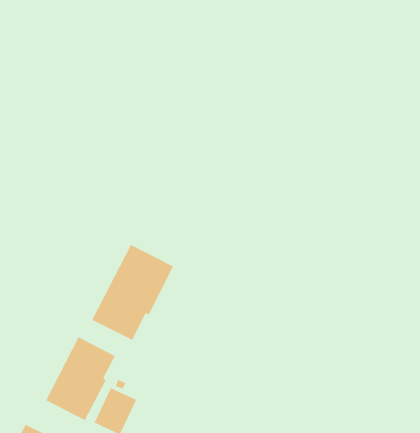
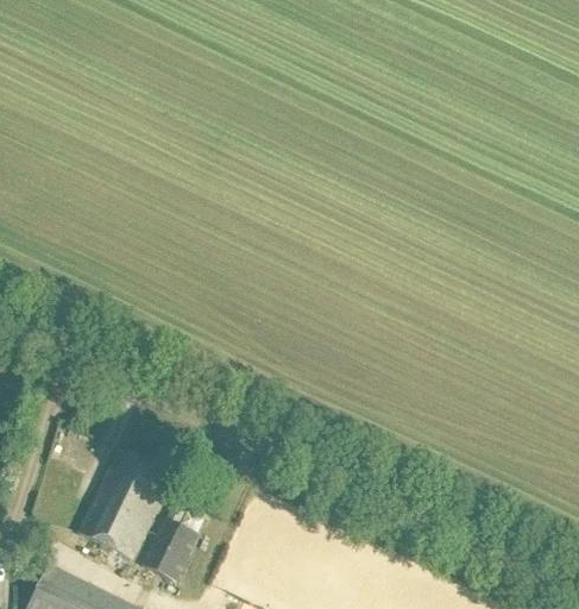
building: [91,244,174,341] -> none

